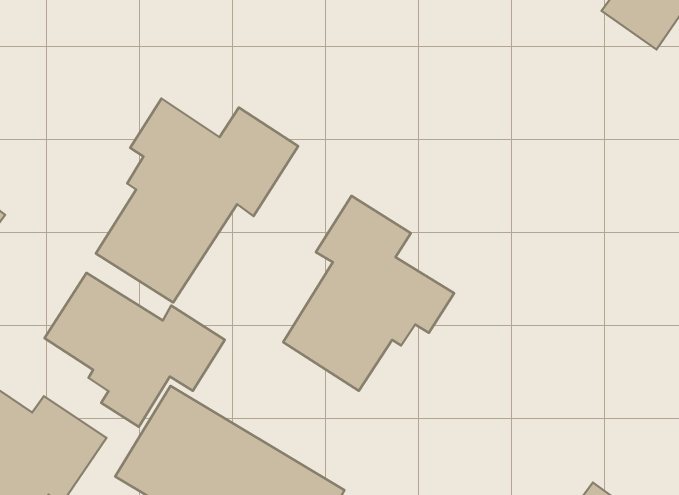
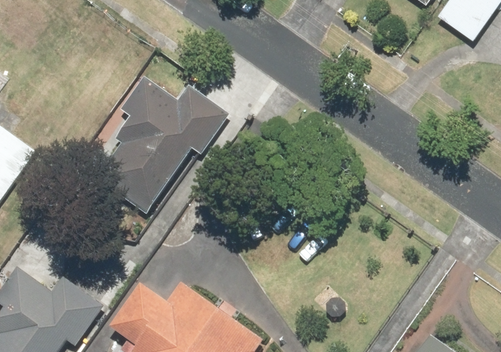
building: [283,196,454,391] -> none
building: [44,273,225,427] -> none

